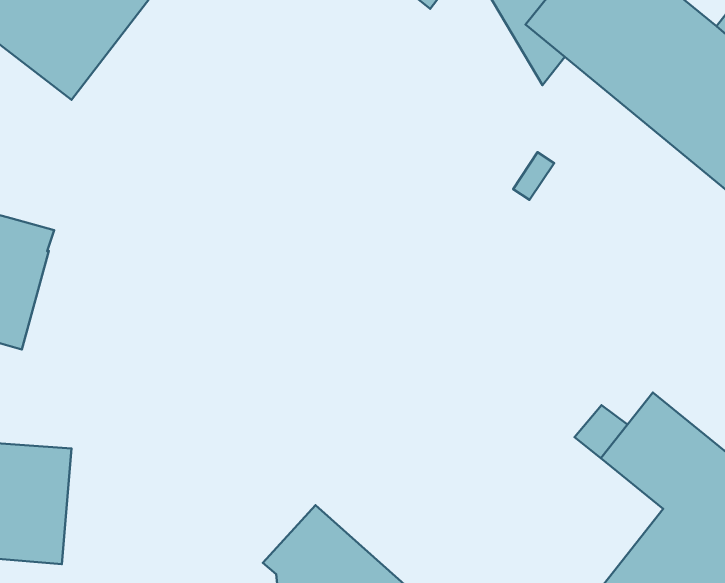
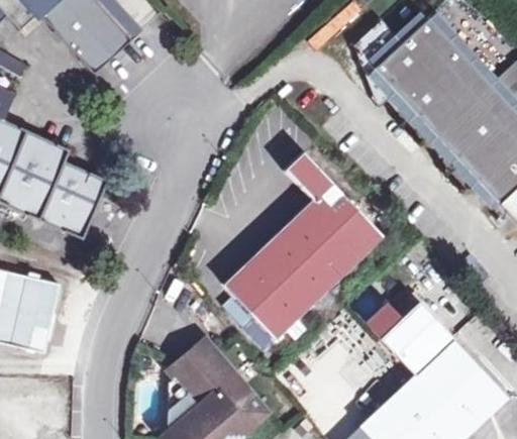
building: none -> [222,151,384,340]
building: none -> [40,161,108,238]

